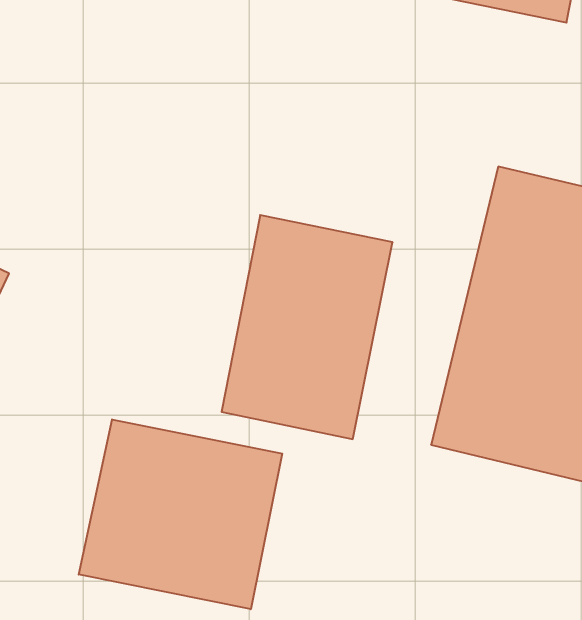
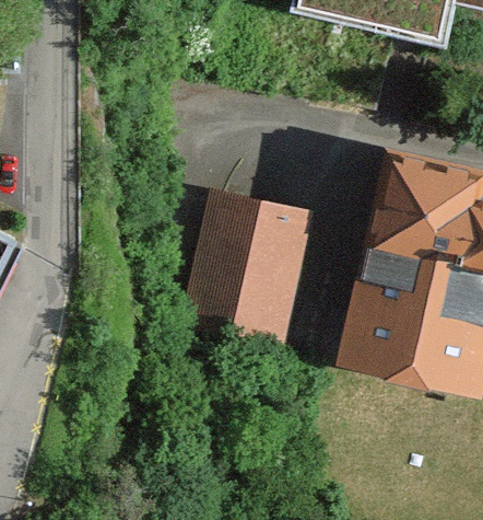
building: [79,419,282,609] -> none

